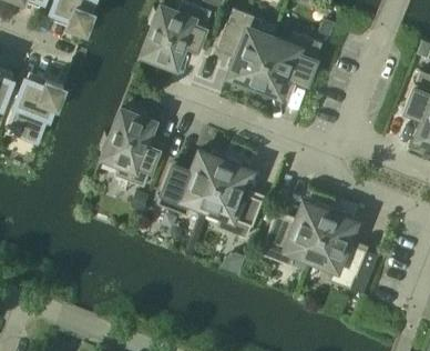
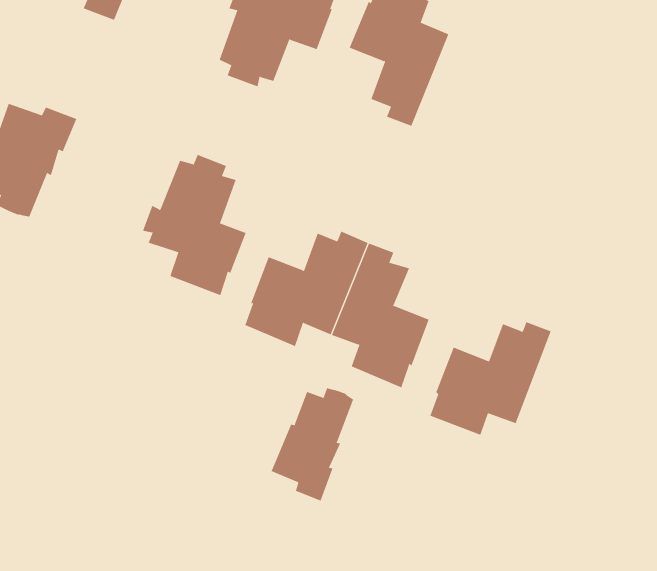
building: [253,32,322,97] -> none
building: [311,207,367,289] -> none
building: none -> [271,387,354,502]

